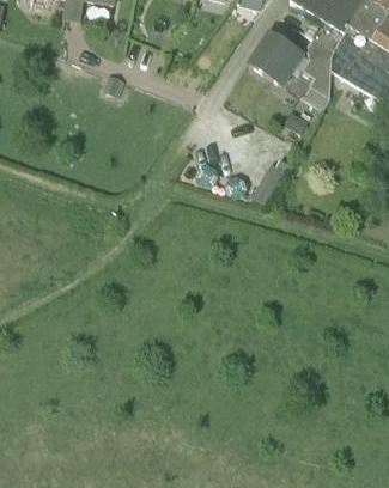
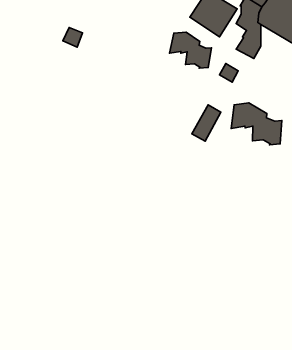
building: none -> [169,32,211,68]
building: none -> [231,103,282,145]

